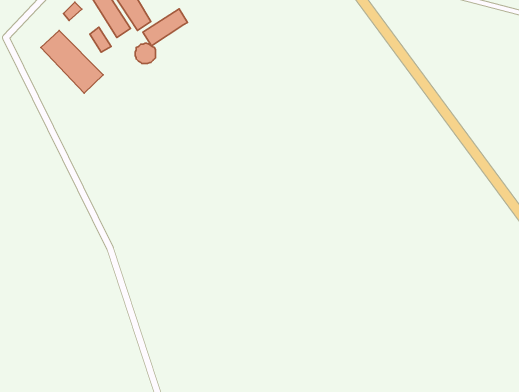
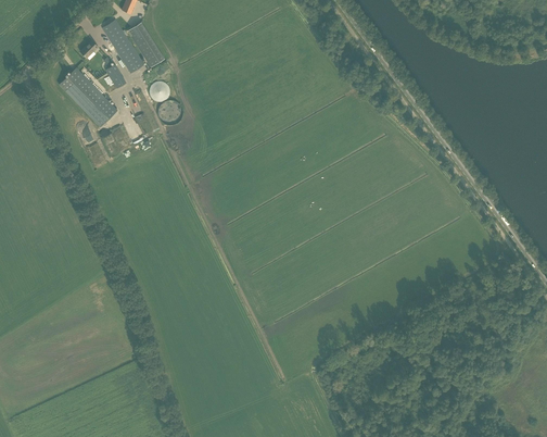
building: [143,9,188,46] -> none

